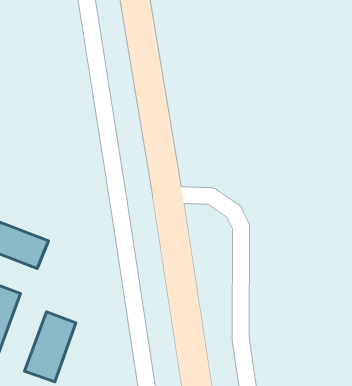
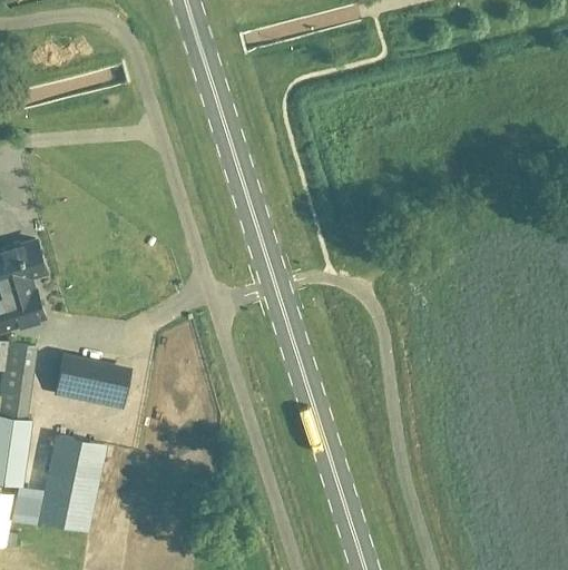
building: [25,312,76,382] -> none

